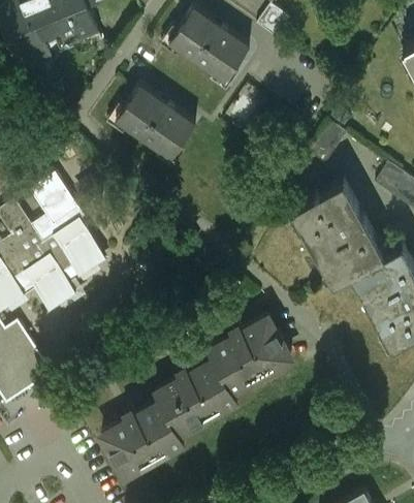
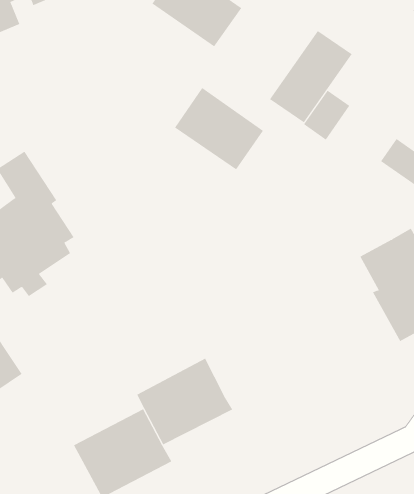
building: none -> [269,30,352,123]
building: [114,83,194,157] -> [174,87,264,170]
building: [290,178,383,277] -> none
building: [209,313,295,392] -> none

